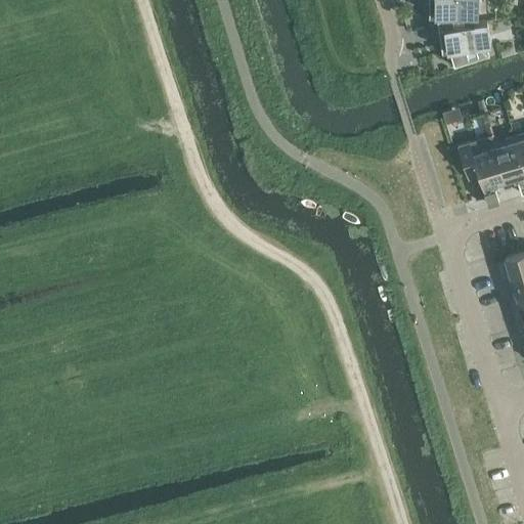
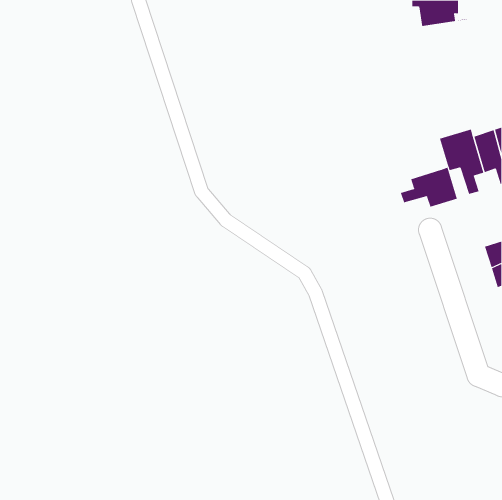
building: [439,23,490,67] -> none
building: none -> [400,167,458,207]

